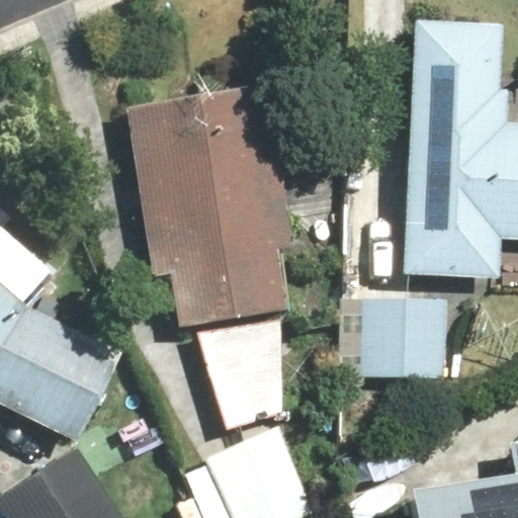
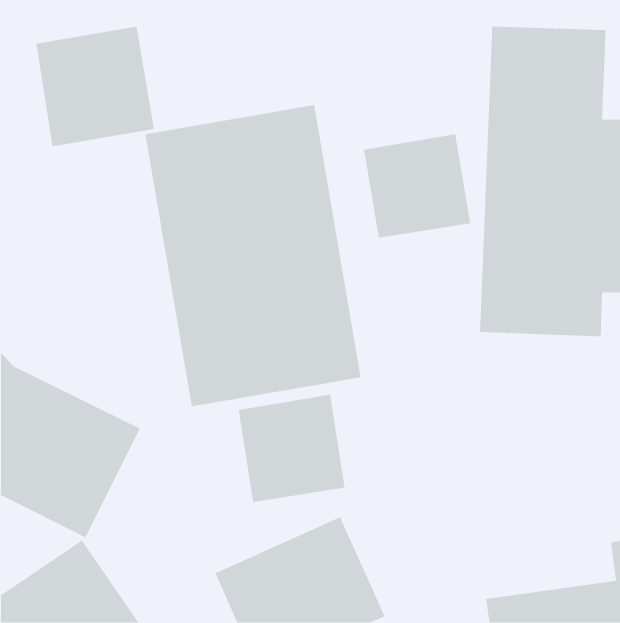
building: none -> [36,26,155,147]
building: none -> [363,133,471,238]
building: [359,299,467,379] -> none

